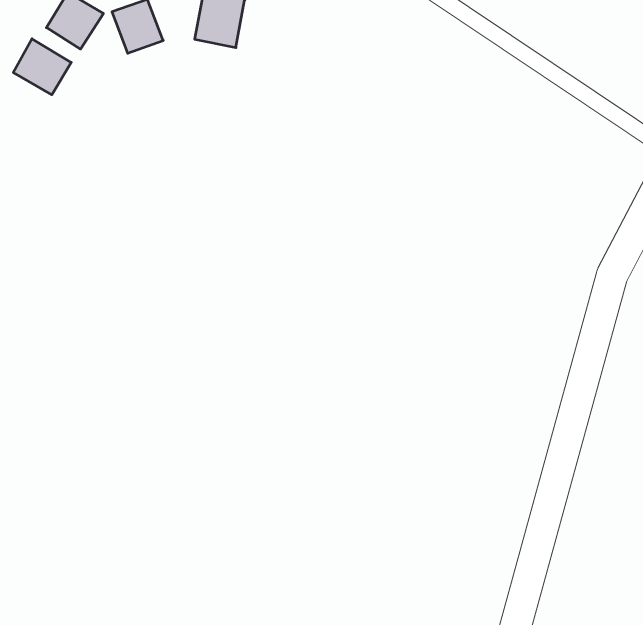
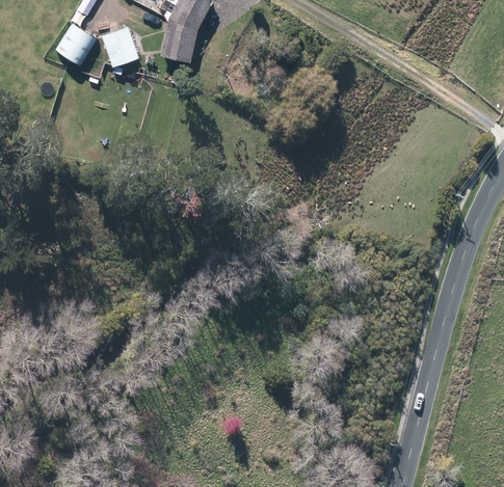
building: [13,39,71,95] -> none

